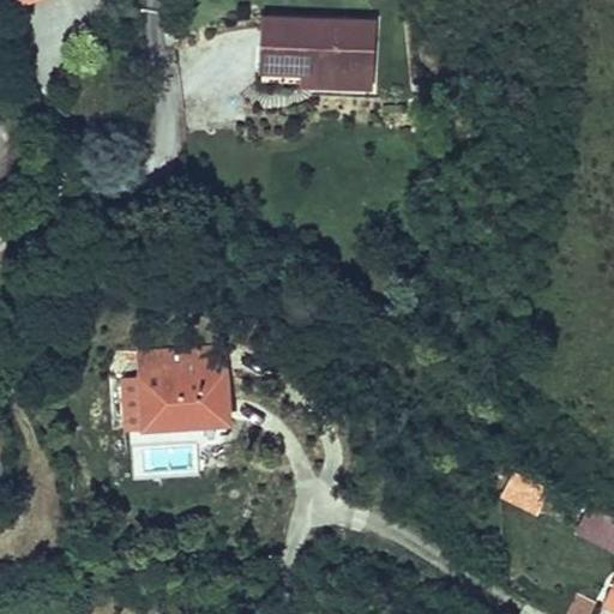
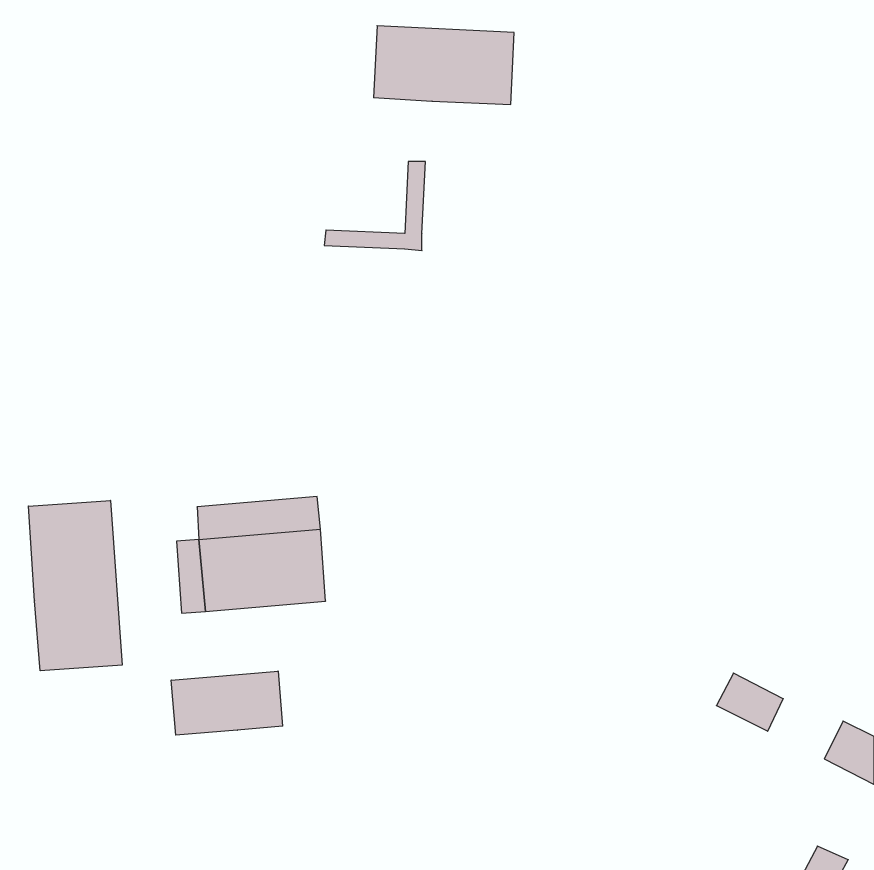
building: [301,26,372,89] -> [324,162,425,251]
building: none -> [28,500,122,671]
building: none -> [171,671,283,735]

